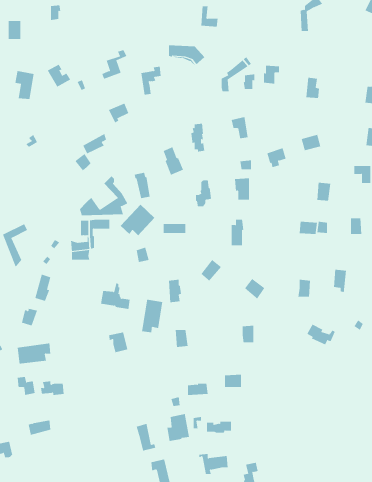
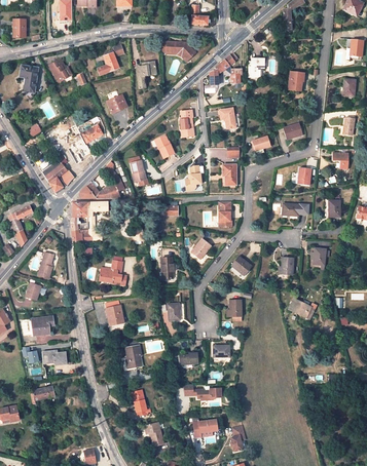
building: none -> [42,153,67,193]
building: [120,204,155,236] -> none
building: [141,299,163,333] -> none
building: [167,414,190,442] -> [122,345,144,371]

